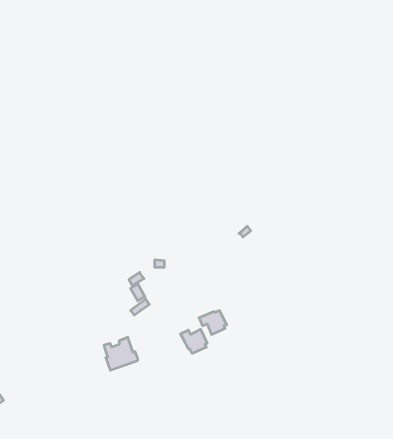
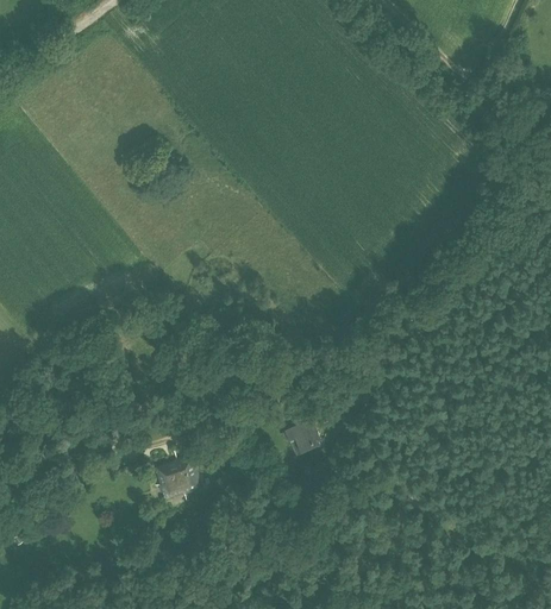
building: [181,329,207,353] -> none

